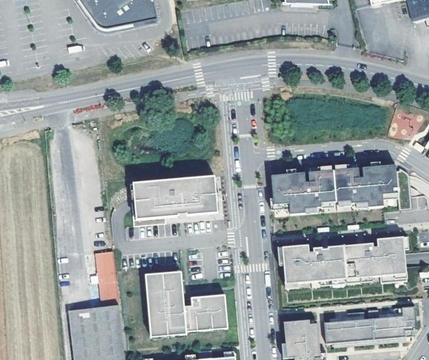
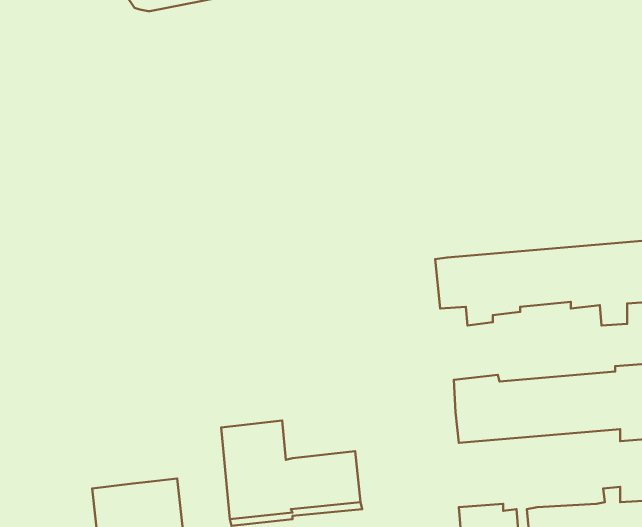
building: [128,175,212,225] -> none
building: [94,250,118,306] -> none

